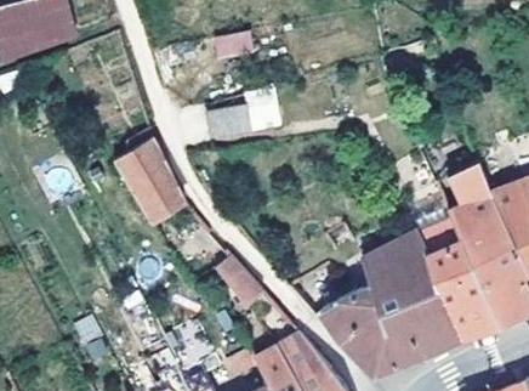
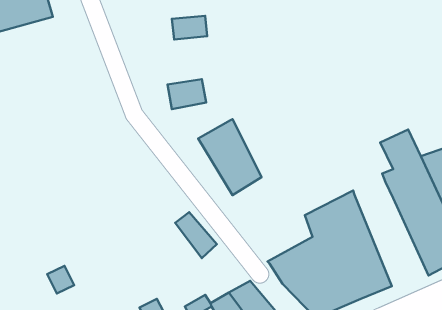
building: [113,138,184,225] -> [198,119,262,195]
building: [417,222,501,340] -> none

